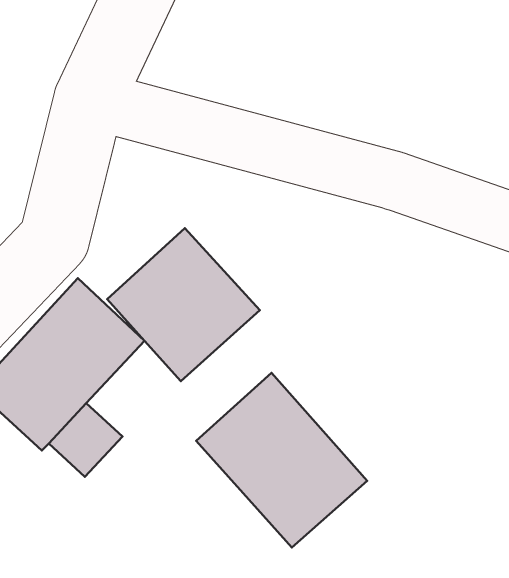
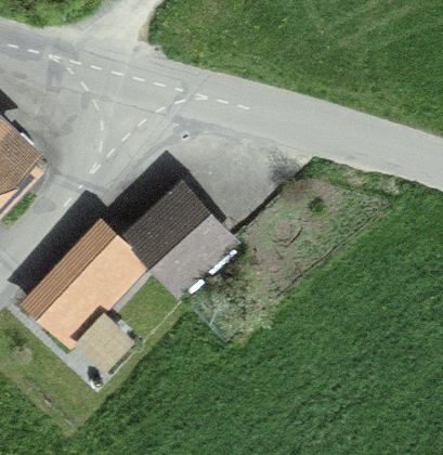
building: [196,373,367,547] -> none

